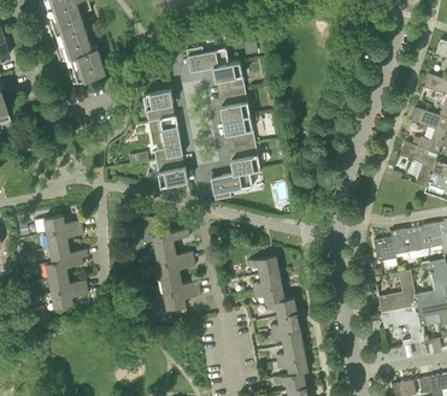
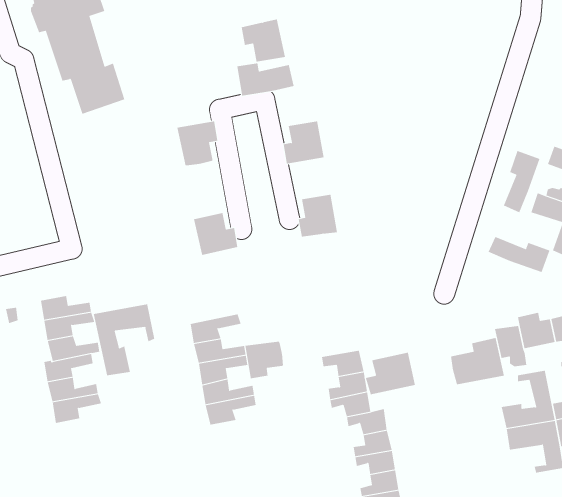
building: [213,61,246,93] -> [241,19,286,62]
building: none -> [503,150,540,213]
building: [223,116,255,146] -> none
building: [151,117,183,160] -> none
building: [211,171,252,200] -> none
building: none -> [488,236,550,273]
building: none -> [93,304,155,376]
building: none -> [451,337,505,385]
building: none -> [245,341,284,379]
building: none -> [365,352,415,395]

